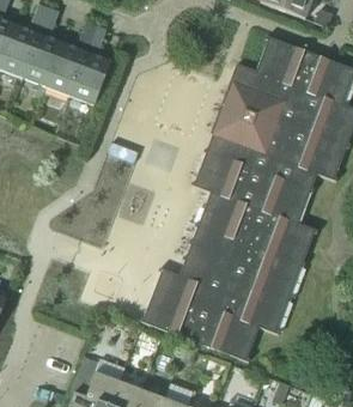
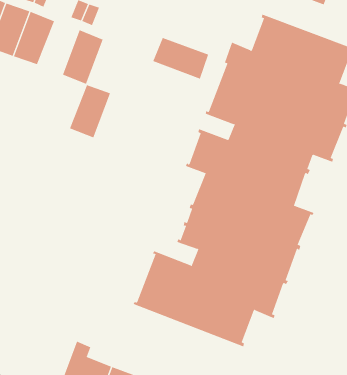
building: [45,42,86,95] -> [69,85,111,138]
building: none -> [153,37,209,79]

